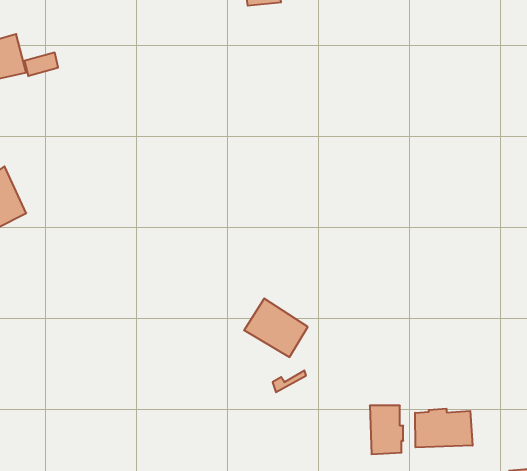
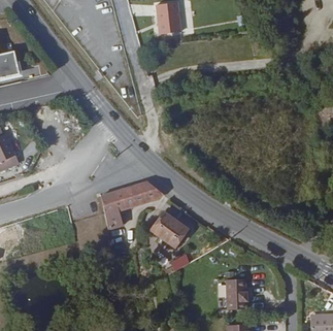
building: none -> [106,179,166,229]
building: [415,409,473,447] -> none

